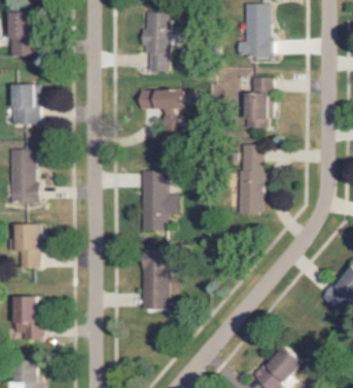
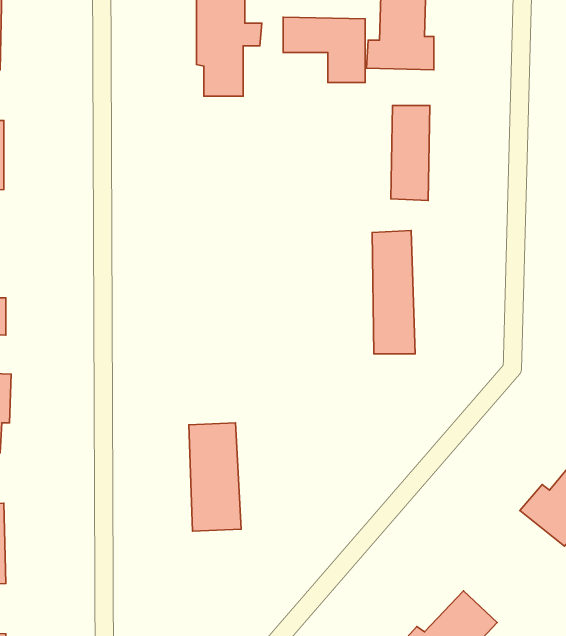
building: [138,89,183,125] -> [283,17,365,82]
building: [139,174,176,230] -> none

